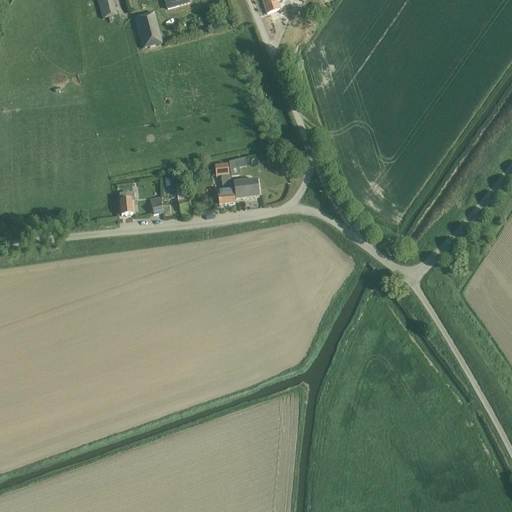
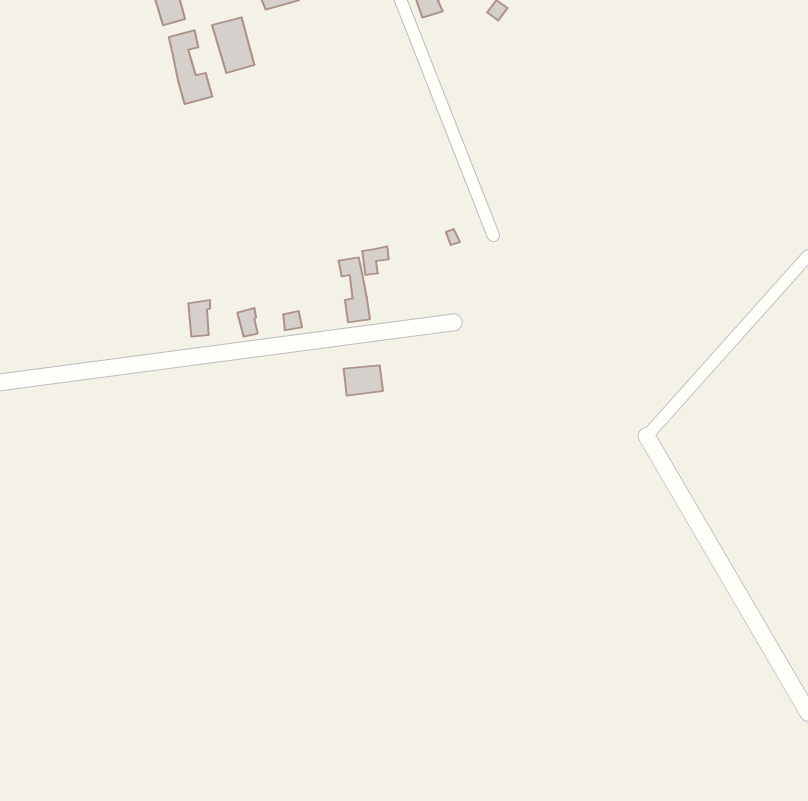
building: none -> [169,30,212,104]
building: [234,178,259,197] -> [343,366,383,396]

